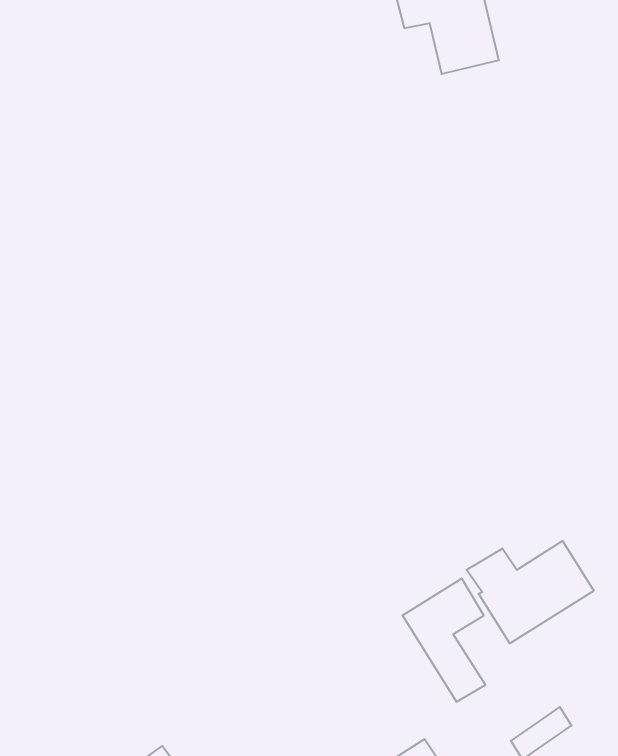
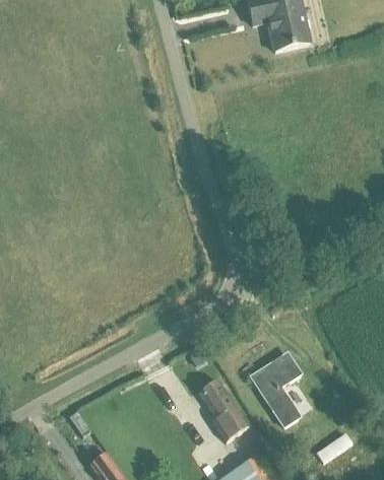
building: [467,541,594,643] -> none
building: none -> [198,381,248,441]

